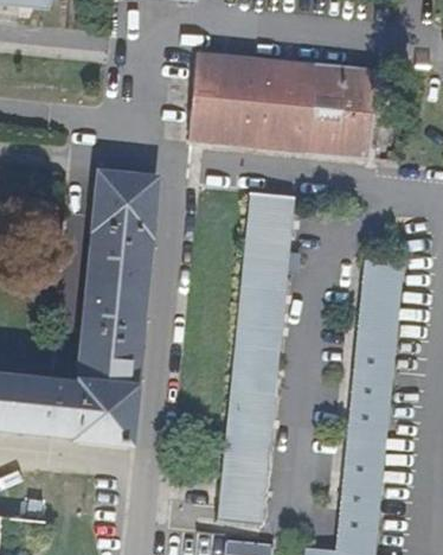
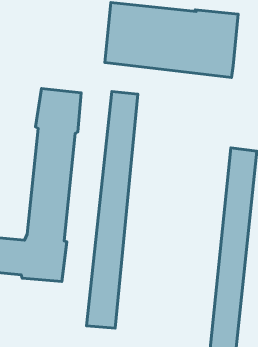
building: [220,191,293,523] -> [86,92,138,328]

